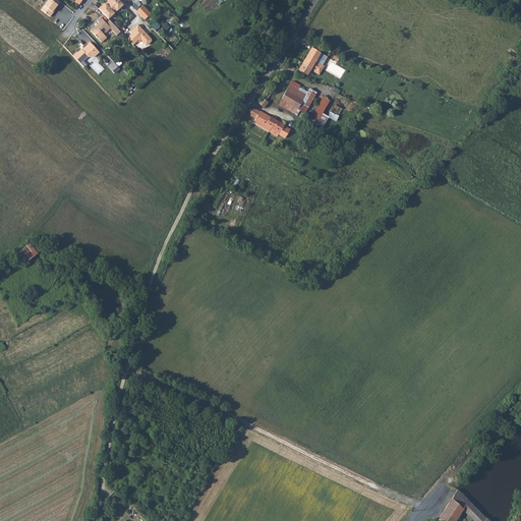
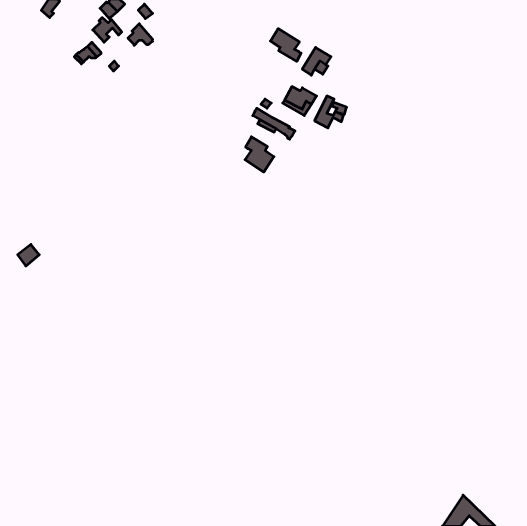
building: none -> [270,29,301,61]
building: none -> [245,137,274,172]

